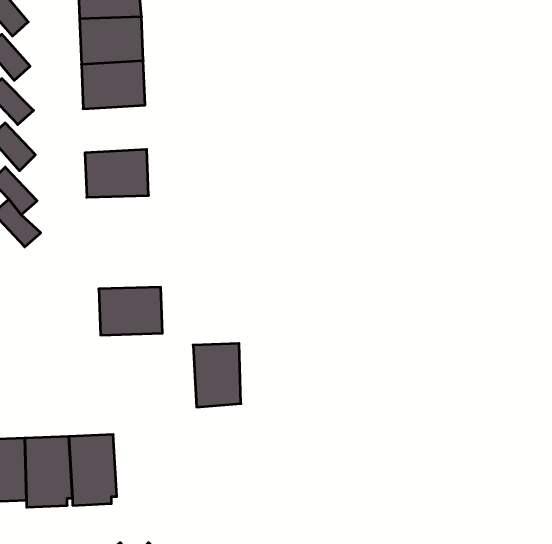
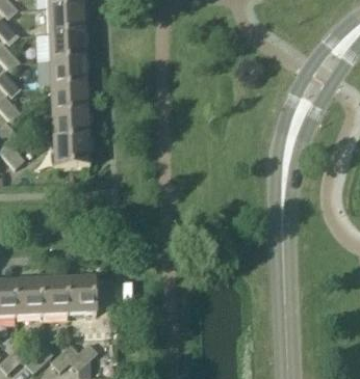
building: none -> [51,85,88,113]
building: [99,287,162,335] -> [53,138,91,166]
building: [193,343,241,407] -> [69,277,97,315]

